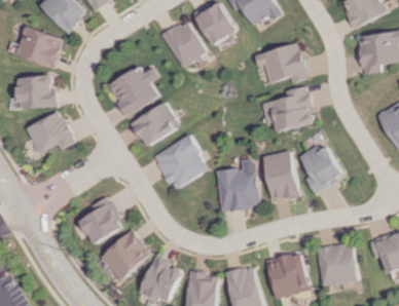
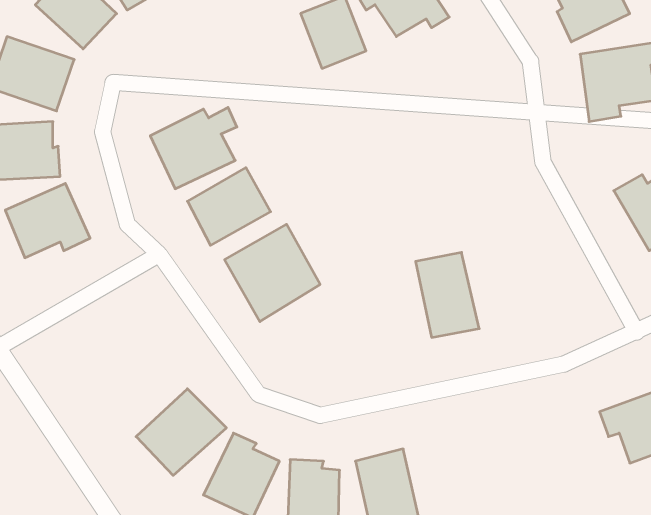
building: [161,20,204,67] -> none
building: [252,43,305,83] -> none
building: [259,86,313,131] -> none
building: [298,146,341,192] -> none
building: [214,158,259,212] -> none
building: [77,196,122,244] -> none
building: [317,244,357,285] -> none
building: [266,252,310,299] -> none

